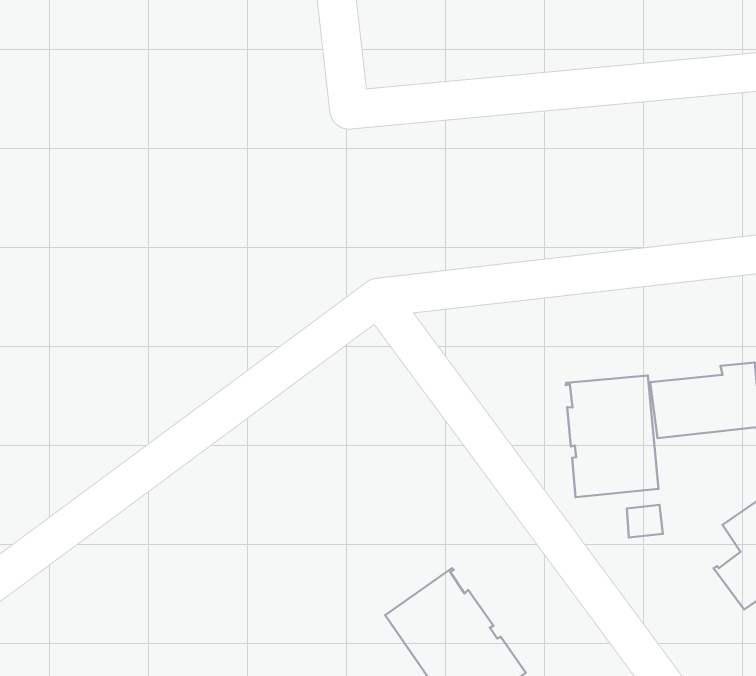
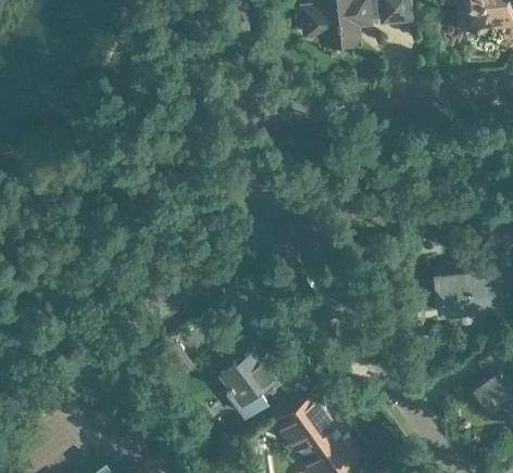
building: [566,376,659,497] -> none
building: none -> [218,351,301,422]

